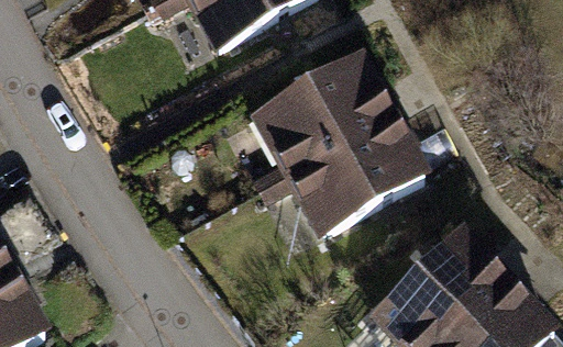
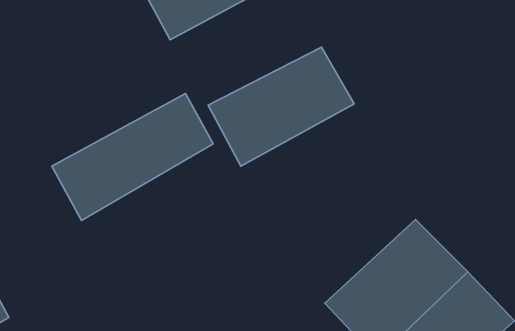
building: none -> [52,93,213,220]
building: [283,112,430,235] -> none

